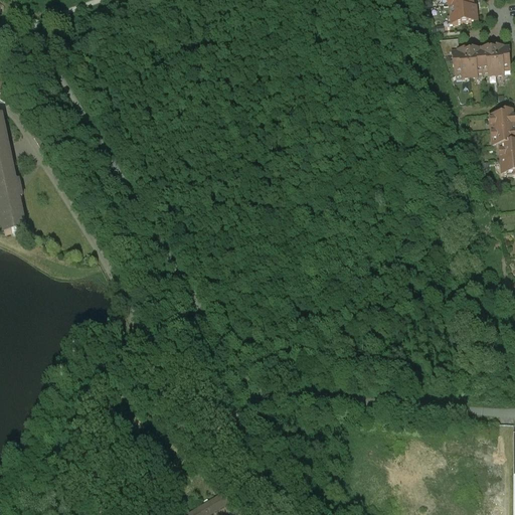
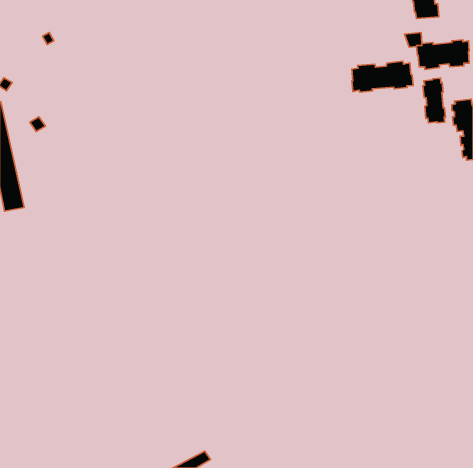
building: none -> [352,61,413,92]
building: none -> [423,78,445,123]

